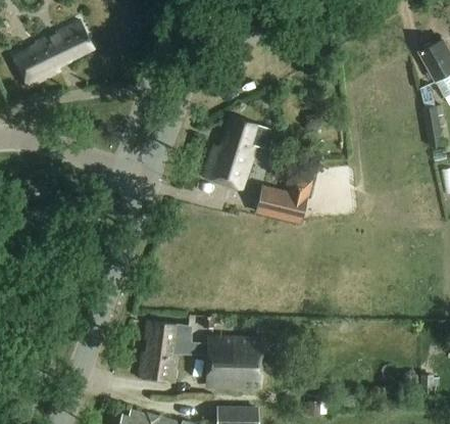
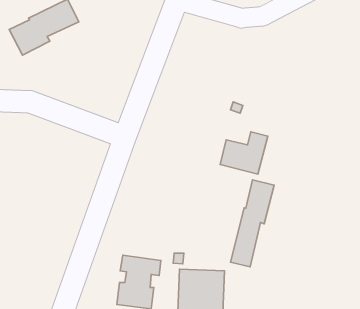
building: [202,115,266,189] -> none
building: none -> [231,180,274,267]

